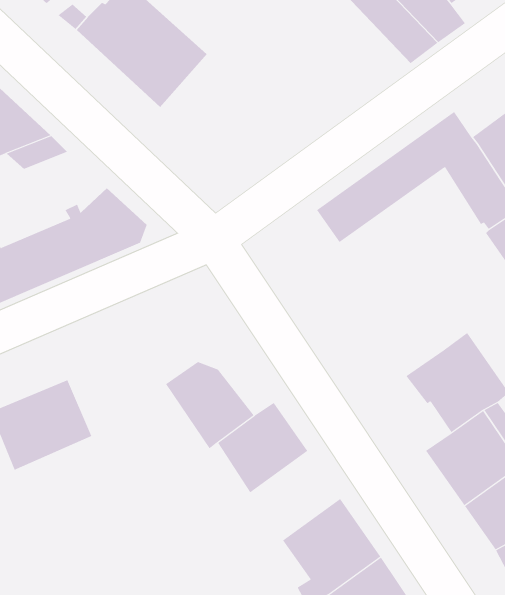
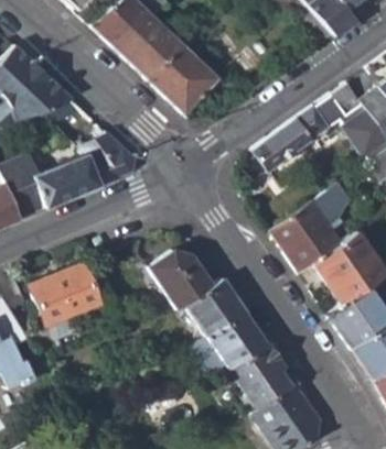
building: none -> [149,43,218,112]
building: none -> [271,190,341,271]
building: none -> [185,311,271,383]

